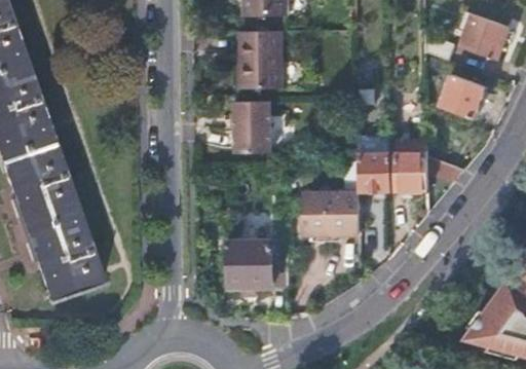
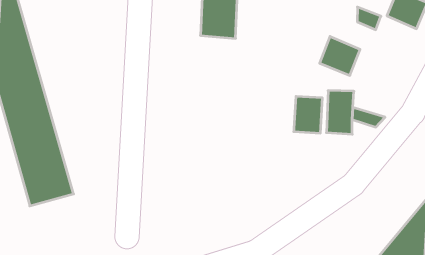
building: [442,77,489,122] -> [320,36,360,75]
building: [235,100,272,150] -> none
building: [305,189,361,232] -> none
building: [227,242,289,289] -> none

